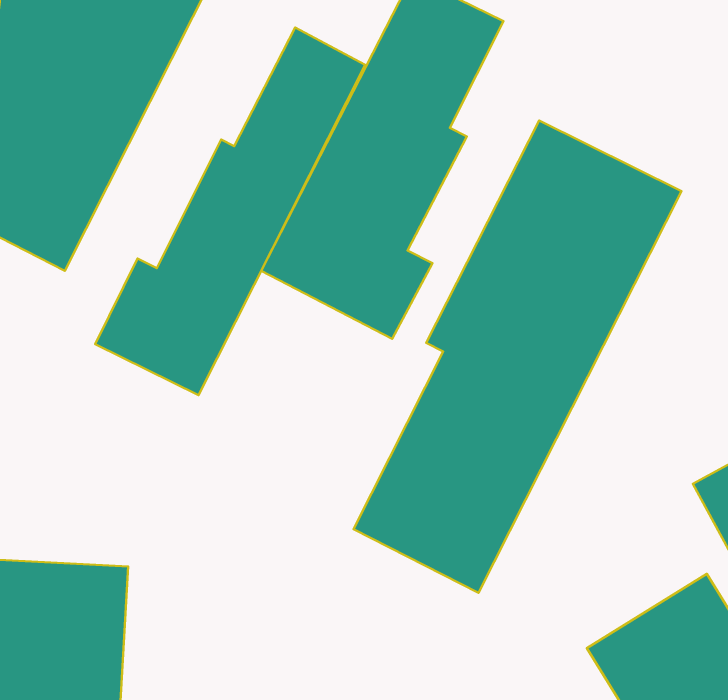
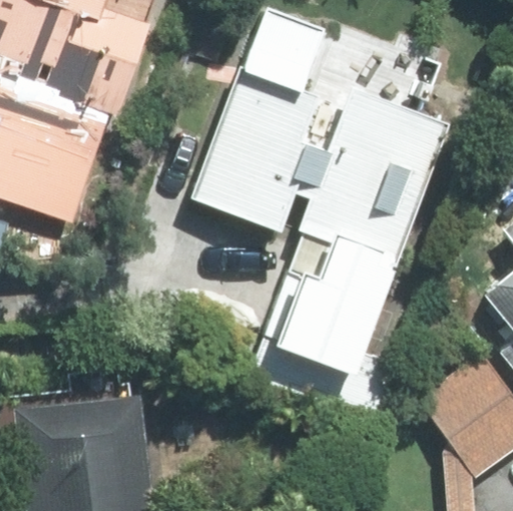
building: [95,28,365,395] -> none

